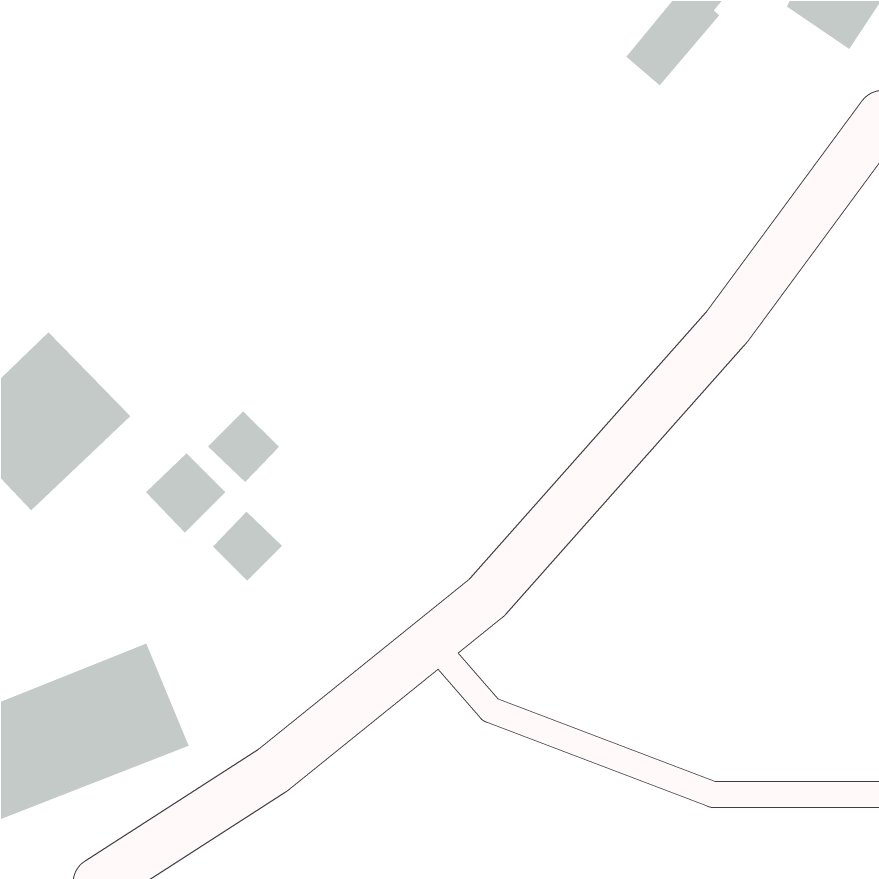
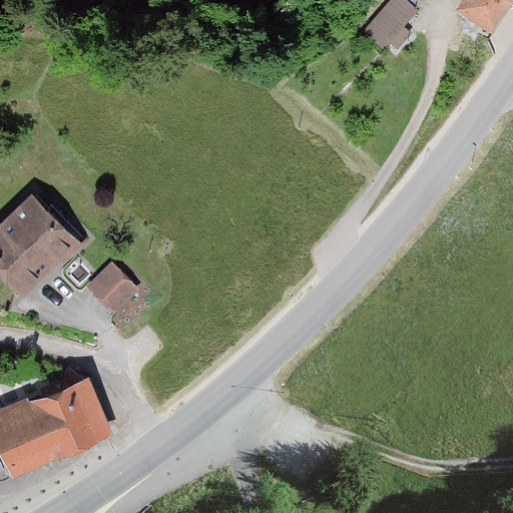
building: [207,410,280,483] -> none
building: [212,511,283,582] -> none

